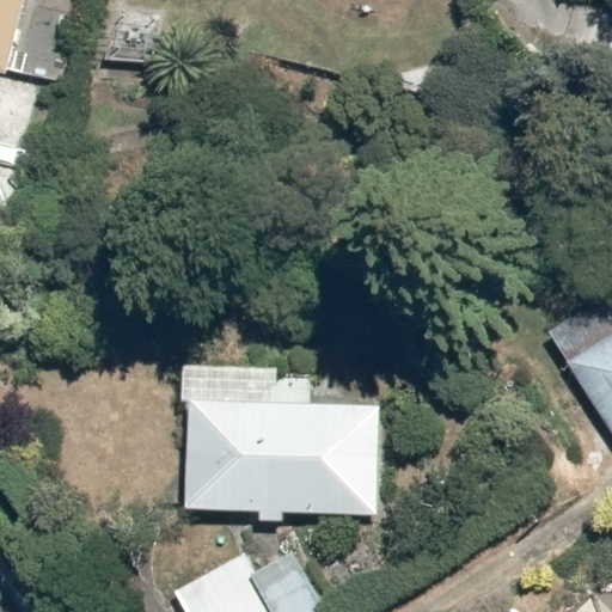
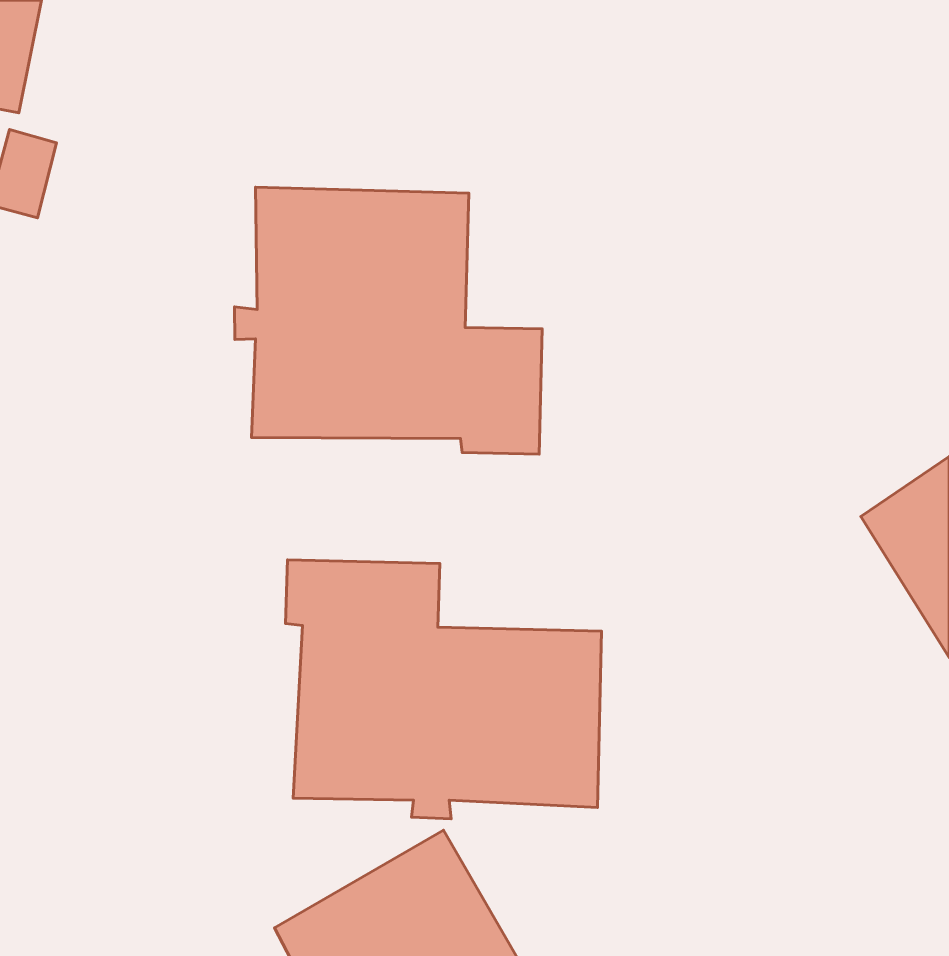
building: none -> [235,187,542,454]

